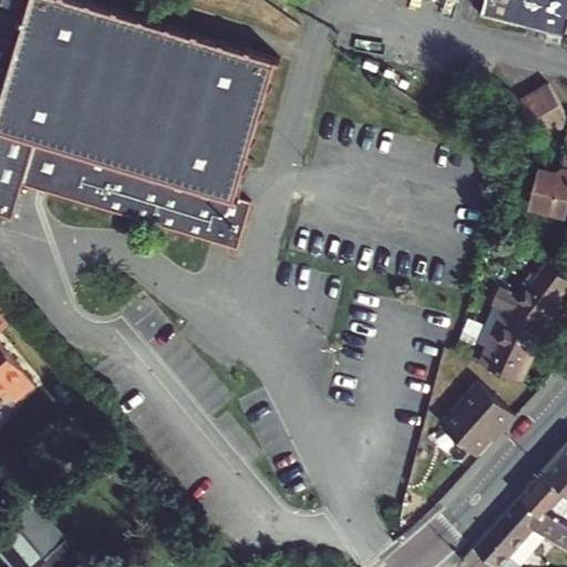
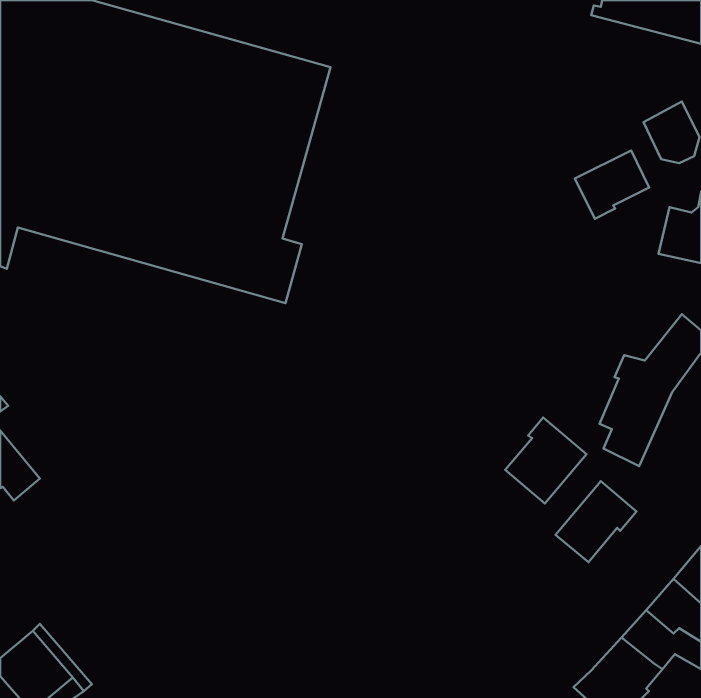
building: none -> [575,151,649,219]
building: none -> [505,417,587,504]

